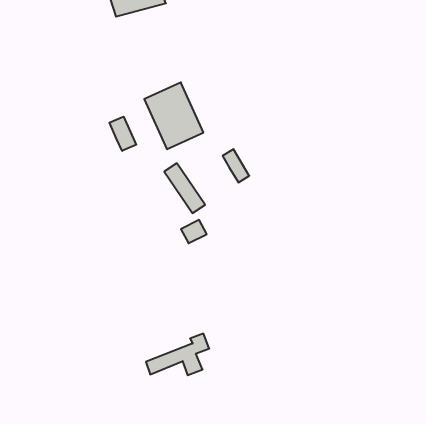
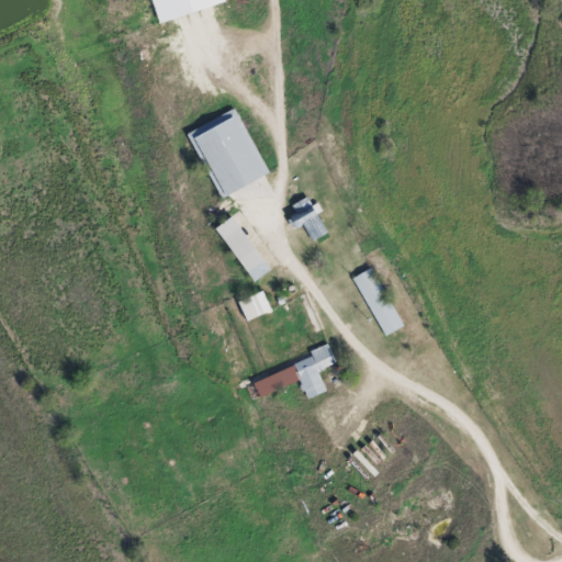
building: [109,117,136,151] -> none
building: none -> [355,267,403,337]
building: [146,334,209,375] -> [252,344,336,398]

